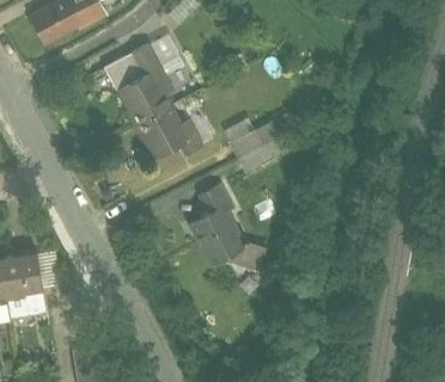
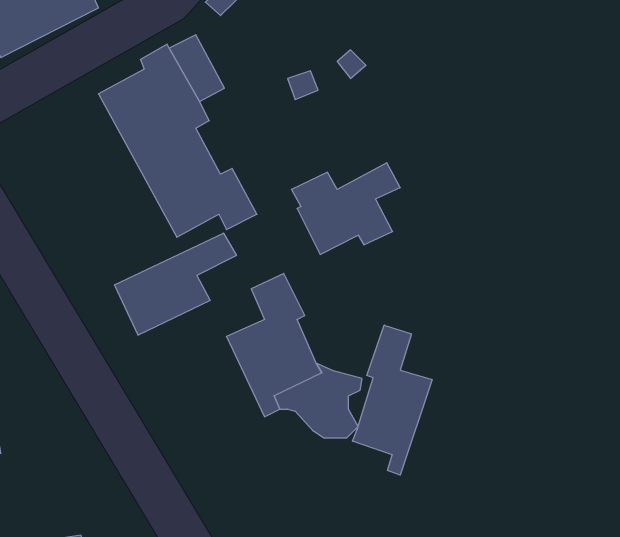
building: none -> [114,233,236,335]
building: none -> [352,325,432,475]

